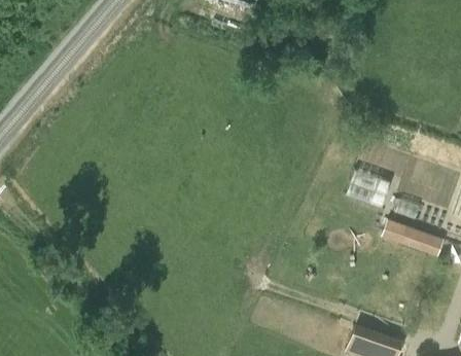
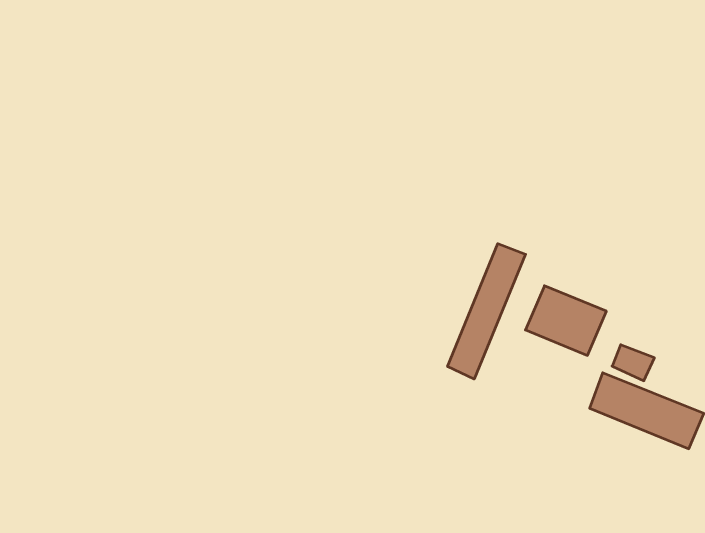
building: none -> [448,244,526,379]

